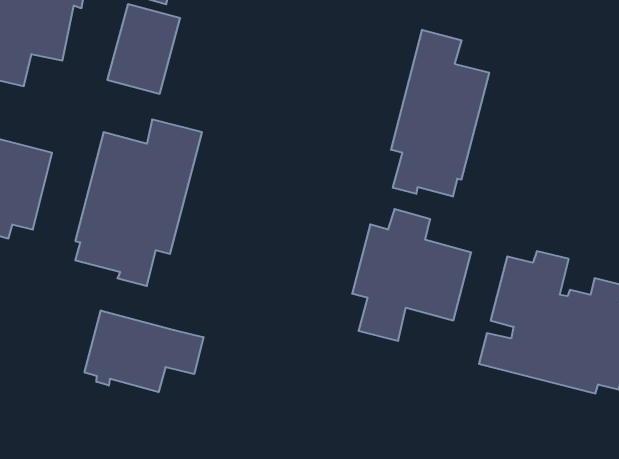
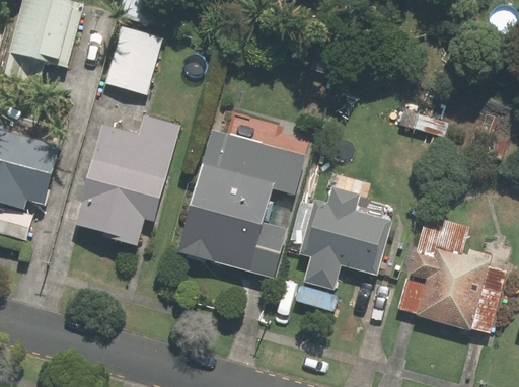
building: [391,30,489,197] -> none
building: none -> [179,130,308,278]
building: [85,310,204,392] -> none

